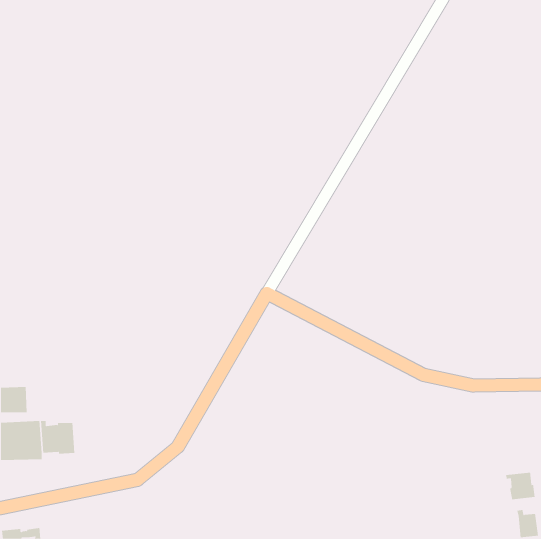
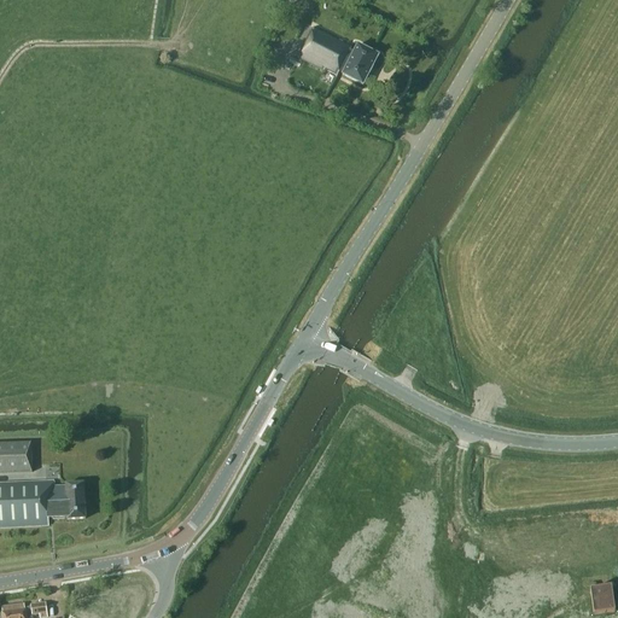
building: none -> [298,25,378,83]
building: [506,472,535,500] -> none

